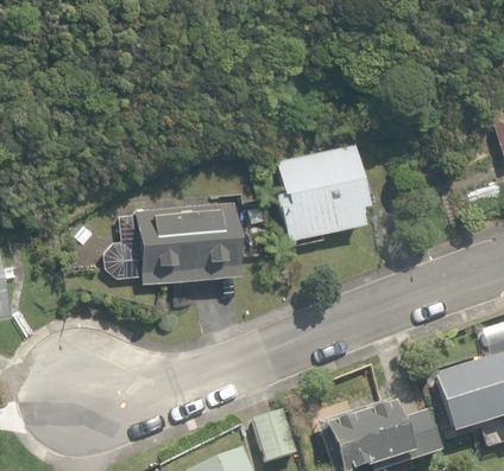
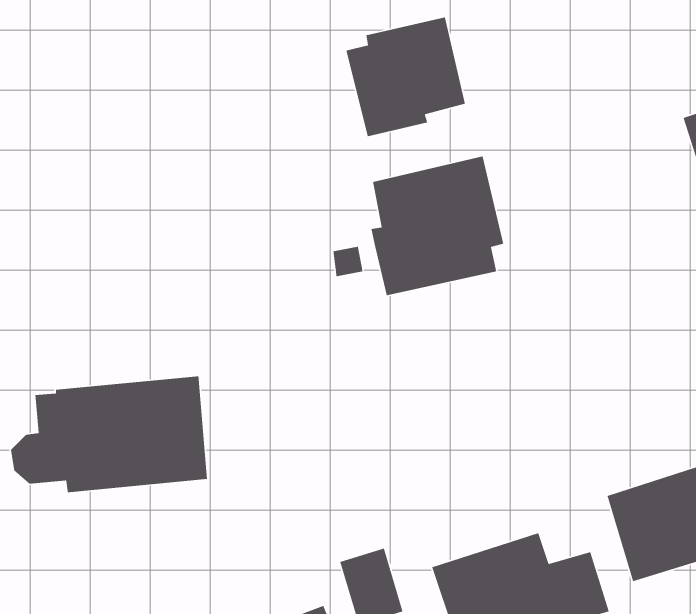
building: none -> [345,16,466,137]
building: [106,202,241,282] -> [10,375,208,493]

